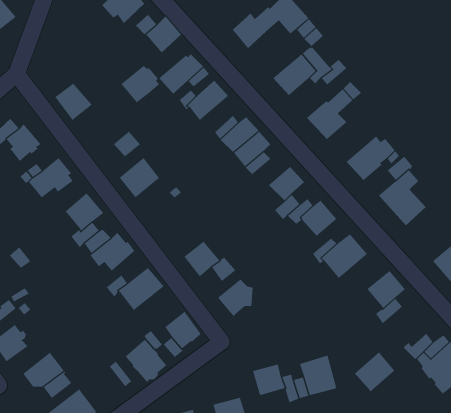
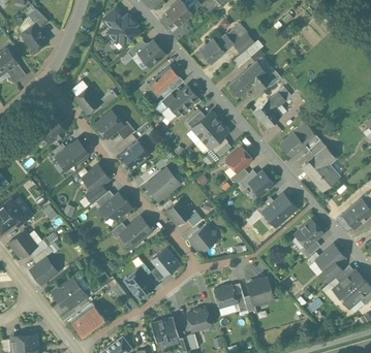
building: [120,65,160,103] -> [95,111,123,138]
building: none -> [146,168,179,201]
building: [354,352,395,393] -> [315,245,344,274]

